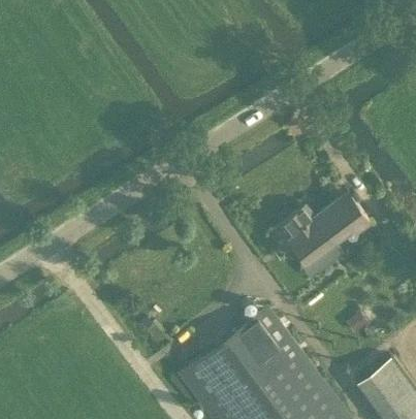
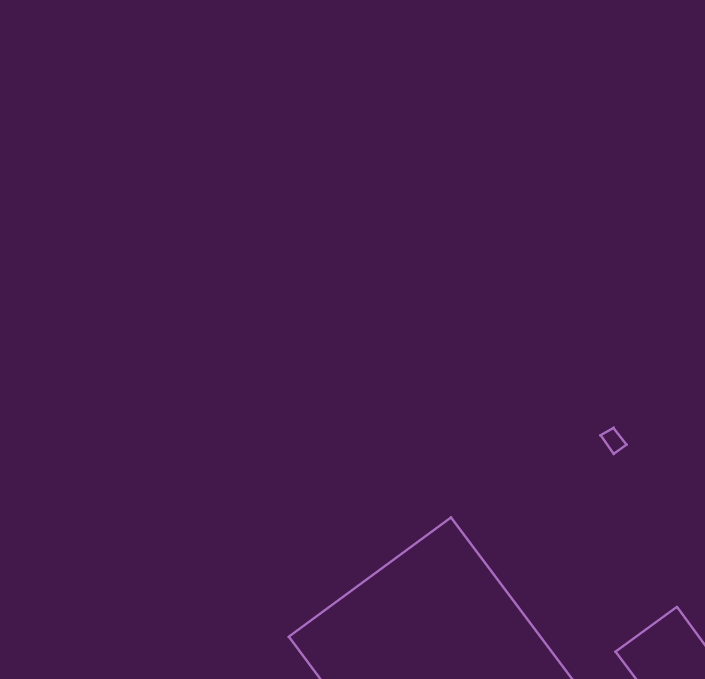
building: [279,194,371,266] -> none

